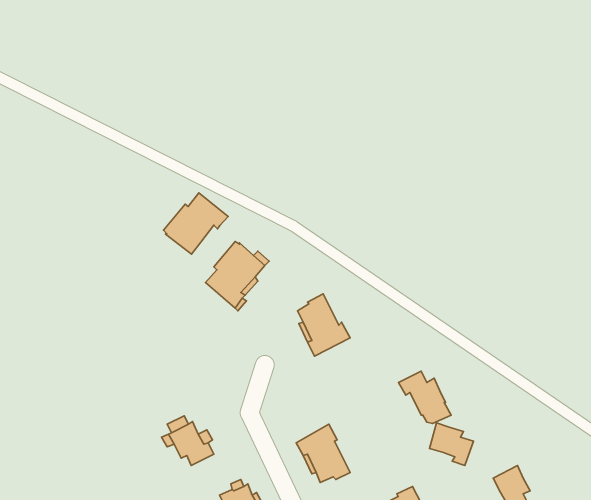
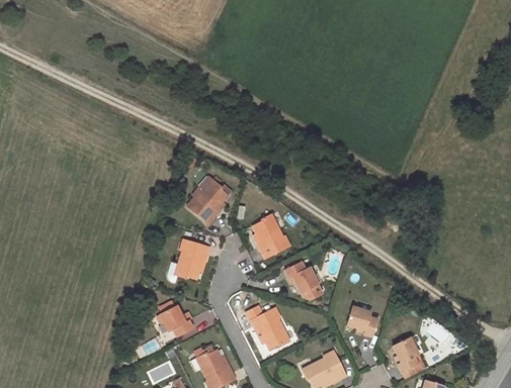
building: [163,193,228,254] -> none
building: none -> [167,239,209,282]
building: [399,371,451,424] -> [283,262,321,299]

